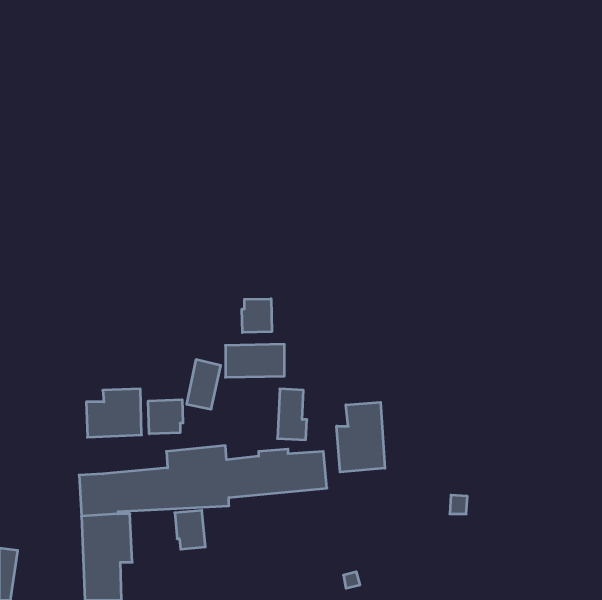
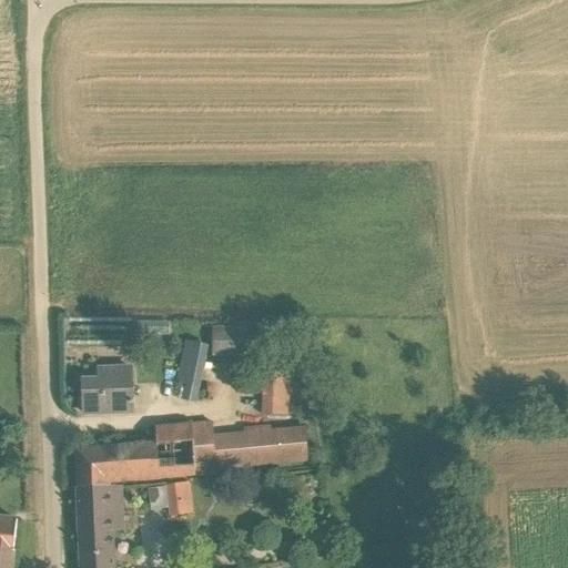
building: [242,299,272,333] -> none
building: [148,400,183,434] -> none
building: [337,402,385,472] -> none

